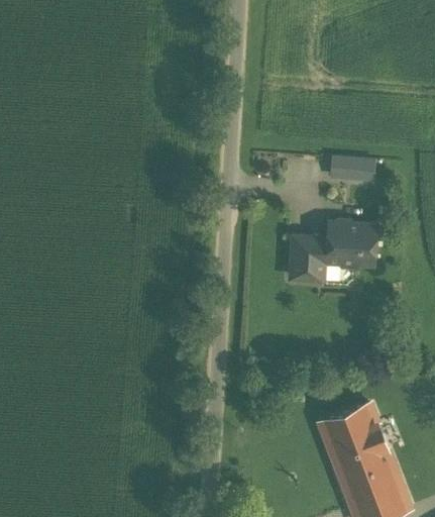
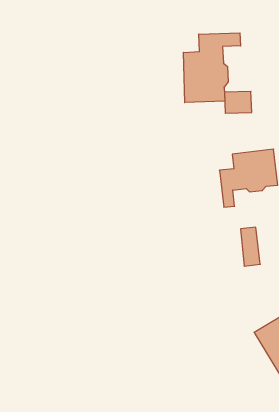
building: none -> [183,33,241,103]
building: [292,237,312,280] -> [241,227,260,266]

